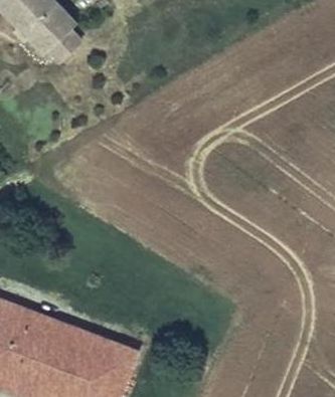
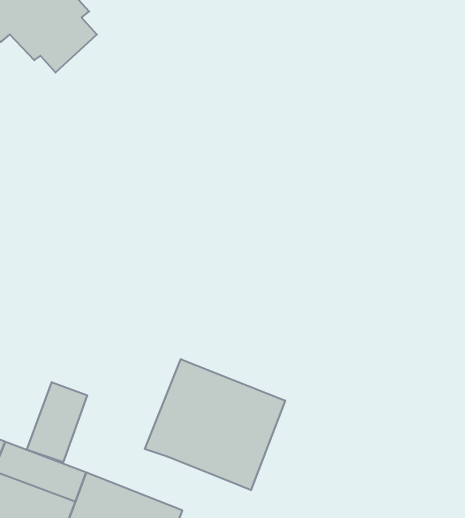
building: none -> [145,359,285,490]
building: none -> [27,382,87,462]

